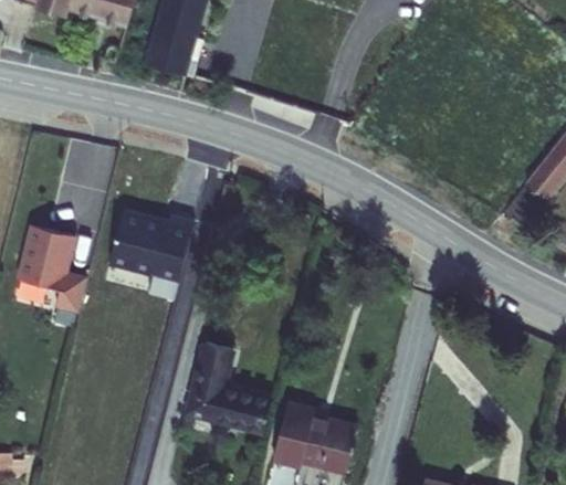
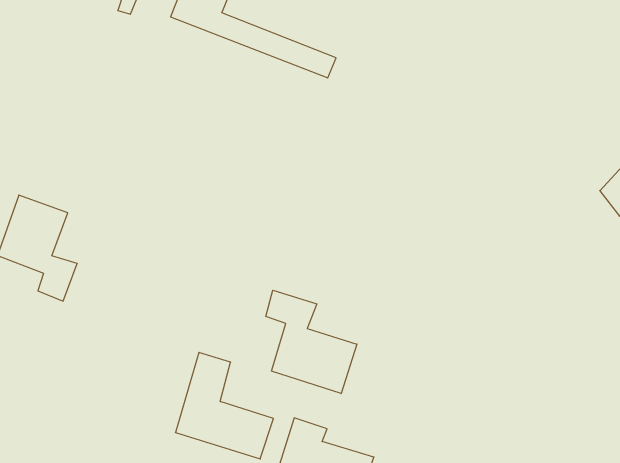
building: [109,217,195,306] -> none
building: none -> [266,290,357,394]

